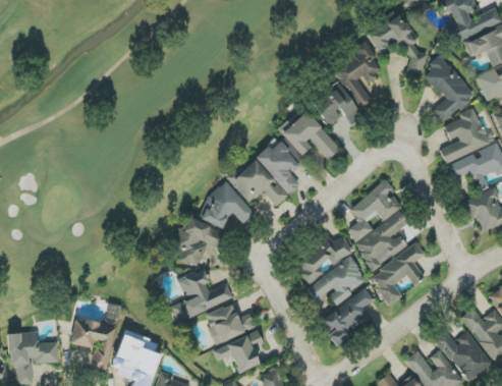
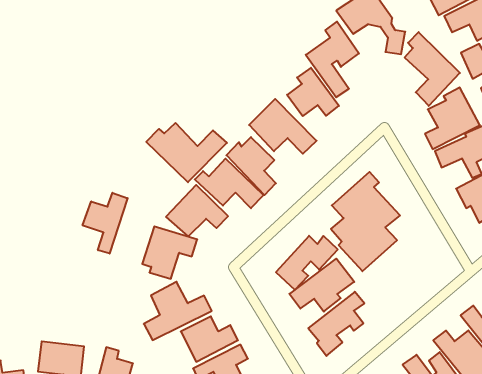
building: none -> [146,123,227,182]
building: none -> [83,193,128,254]
building: [370,243,426,306] -> none

